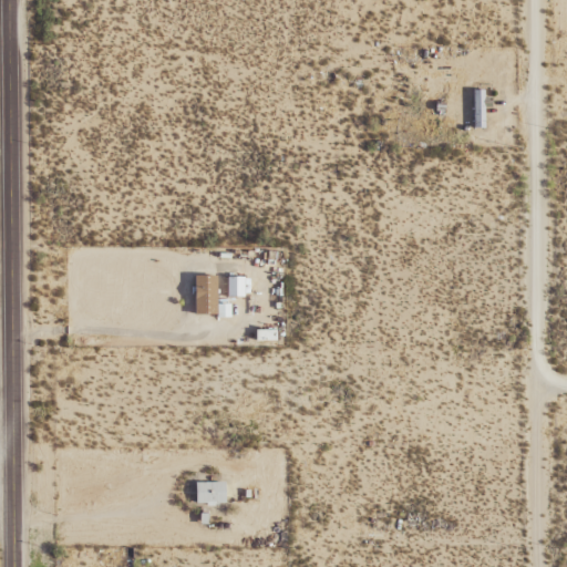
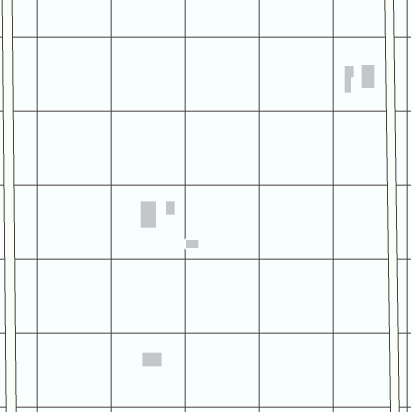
building: none -> [361,64,375,89]

